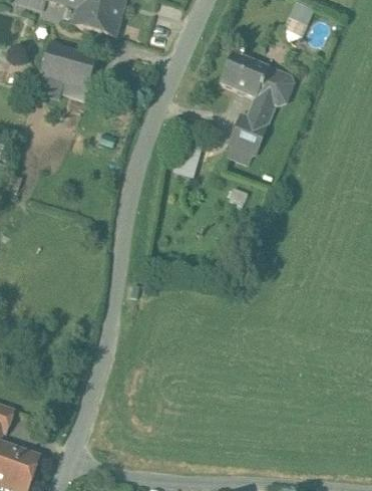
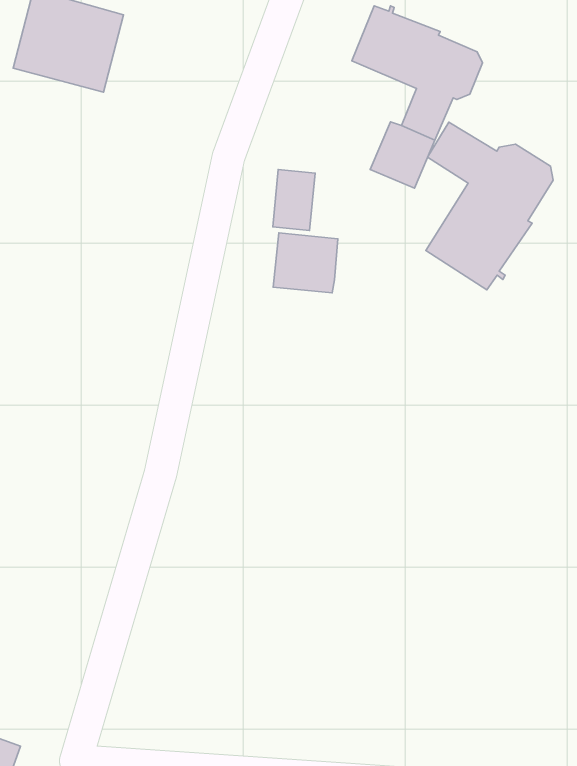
building: none -> [426,122,553,290]
building: none -> [273,233,338,293]

